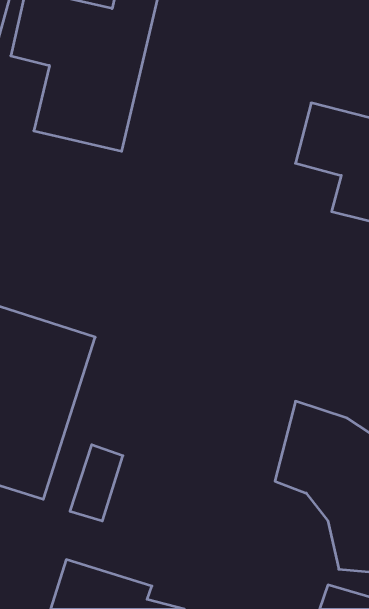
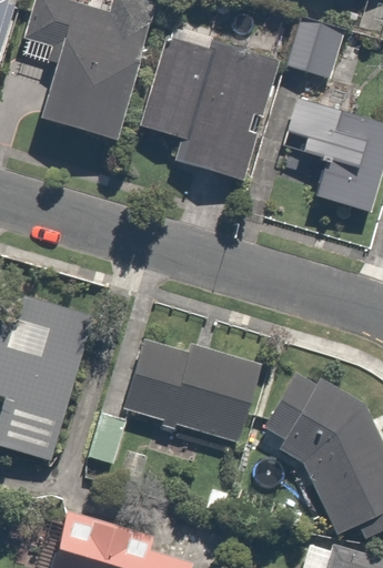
building: none -> [285,20,340,77]
building: none -> [142,41,273,180]
building: none -> [124,338,263,440]

